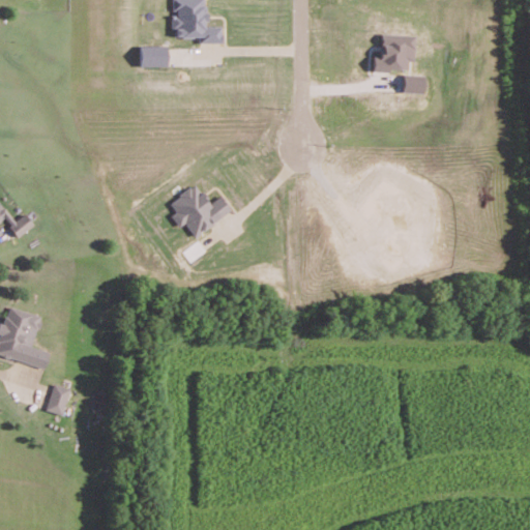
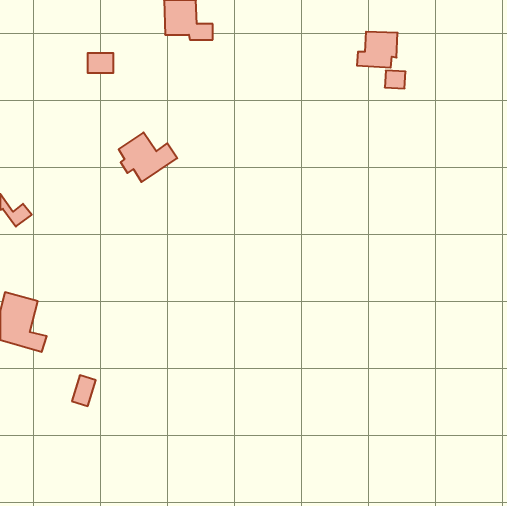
building: [140,47,167,67] -> [88,53,113,73]
building: [170,185,231,237] -> [119,132,177,182]
building: [46,384,70,416] -> [72,375,96,406]

